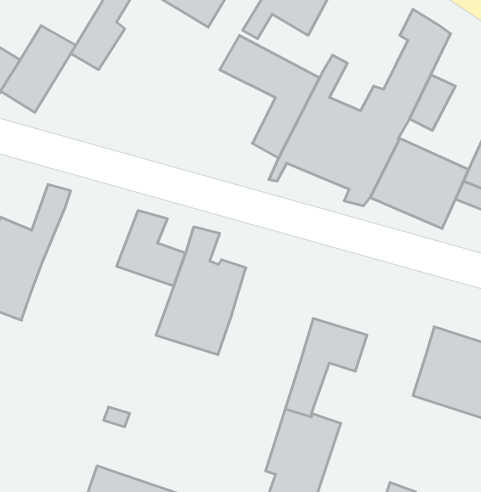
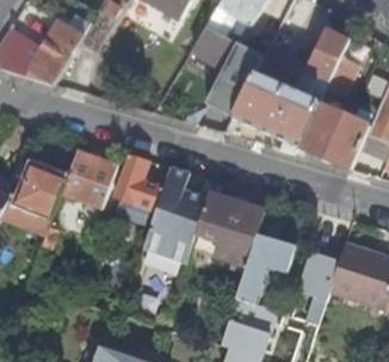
building: none -> [58,152,117,208]
building: none -> [196,194,264,266]
building: none -> [297,251,338,300]

